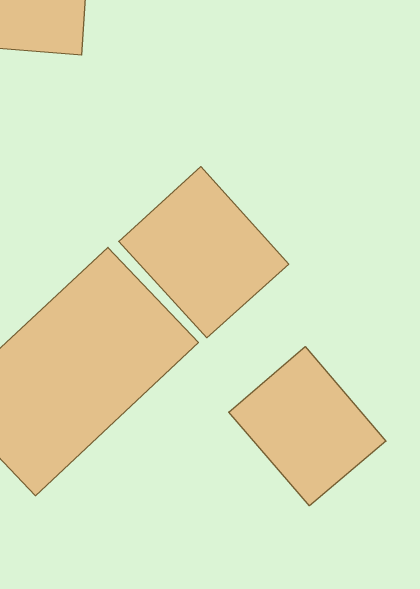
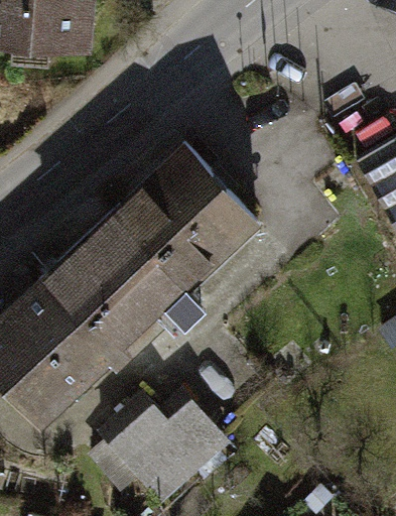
building: [229,347,386,506] -> none
building: none -> [109,403,216,491]

